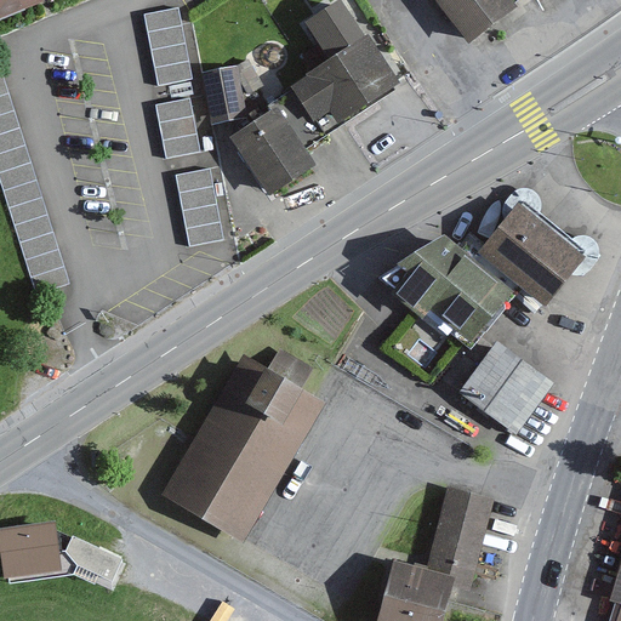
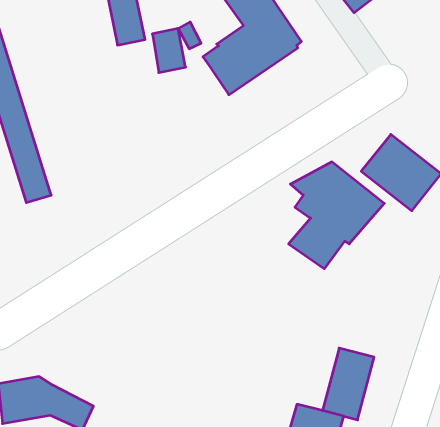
building: [154,96,201,156] -> none
building: [229,106,313,193] -> none
building: [176,166,223,244] -> none
building: [460,343,551,432] -> none
building: [163,346,324,540] -> none

